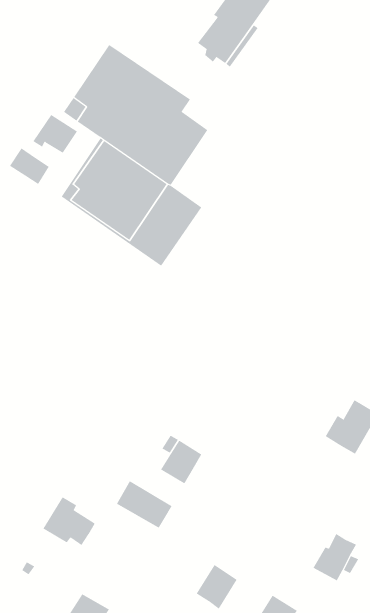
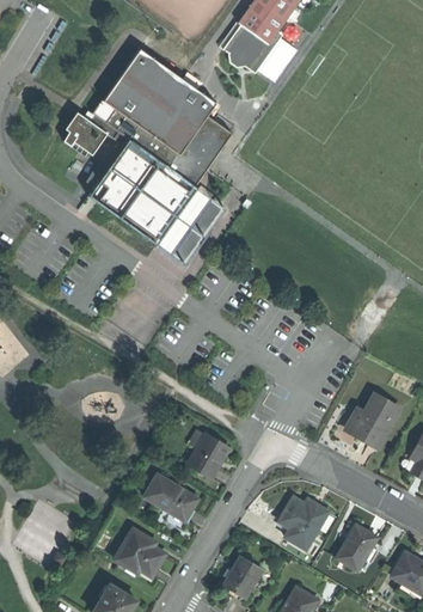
building: [9,148,49,185] -> none
building: [43,497,95,546] -> [116,527,167,575]
building: none -> [278,497,329,550]

